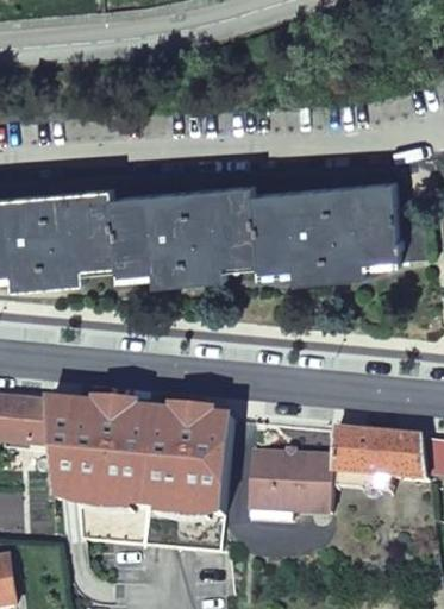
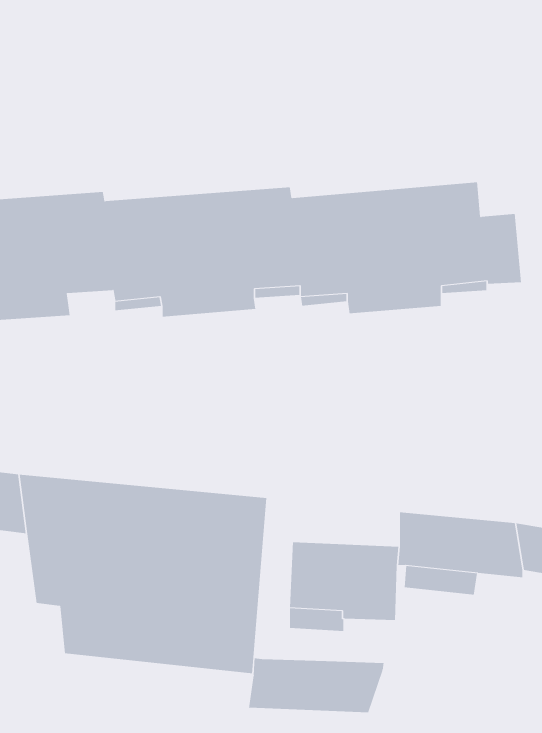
building: none -> [248,658,384,713]

